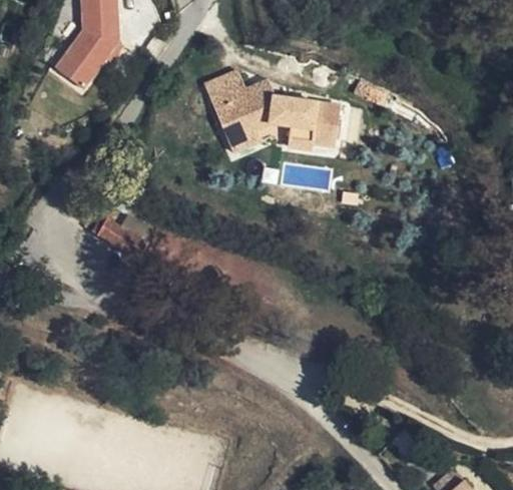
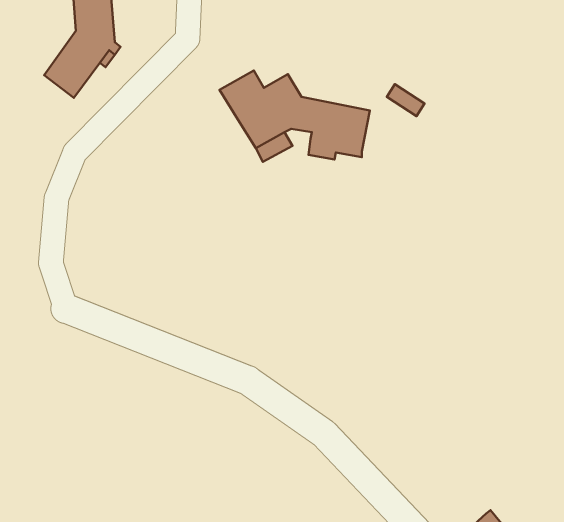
building: [92,218,149,261] -> none

